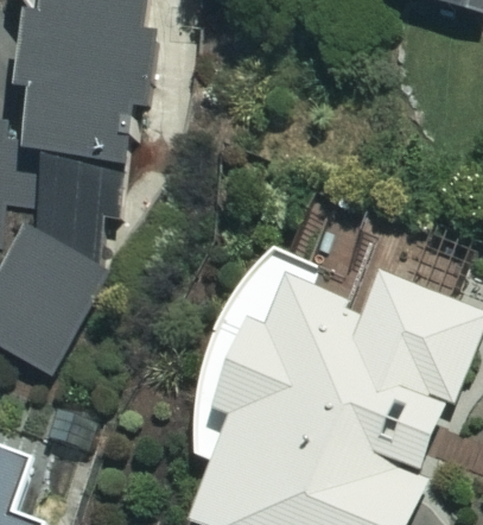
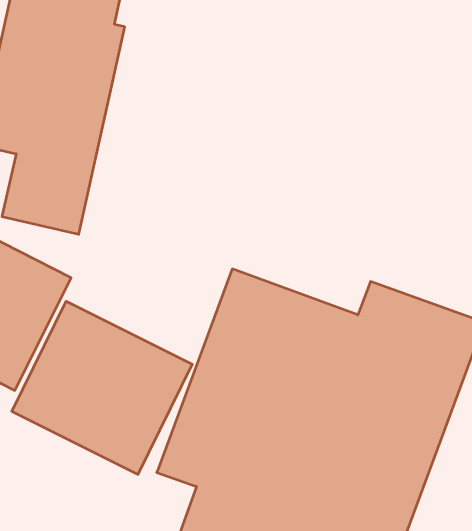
building: none -> [12,301,192,474]

